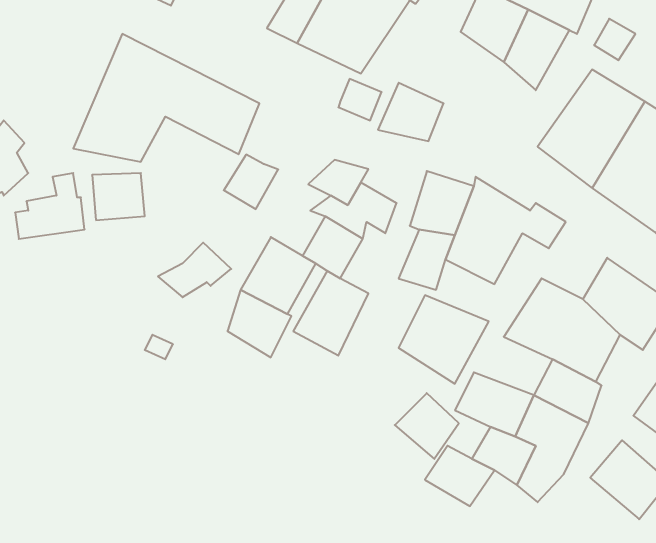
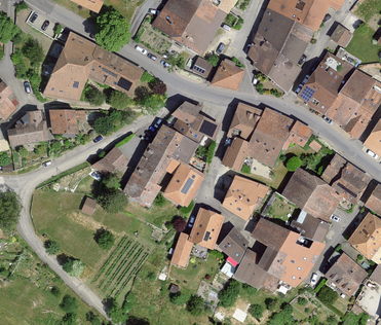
building: none -> [246,30,299,91]
building: [224,155,278,209] -> [151,122,181,152]
building: none -> [169,205,225,266]

